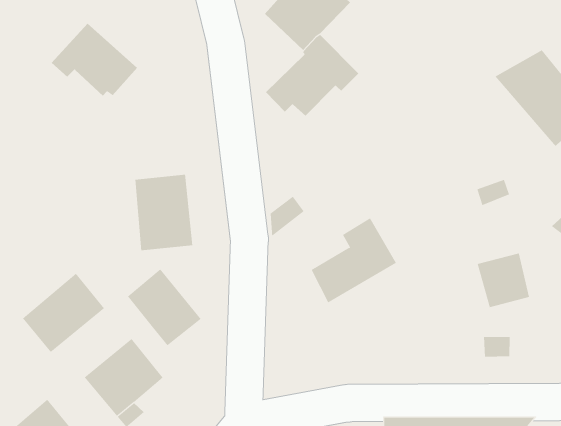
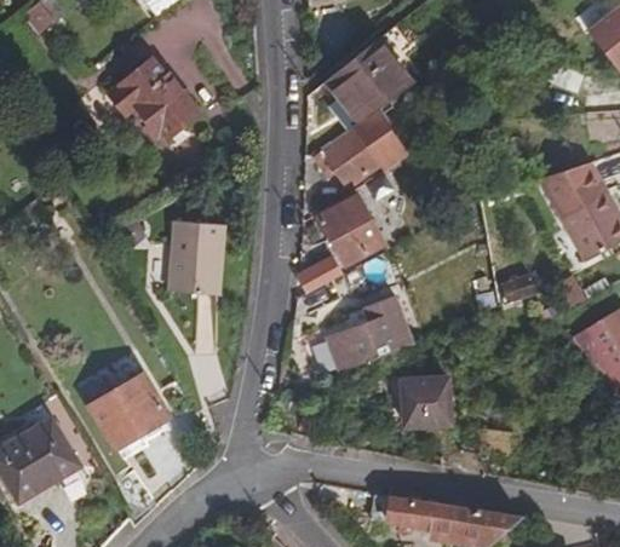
building: none -> [318,194,385,264]
building: [477,253,530,308] -> [403,375,449,424]
building: [127,268,202,346] -> none
building: [22,273,105,353] -> none

